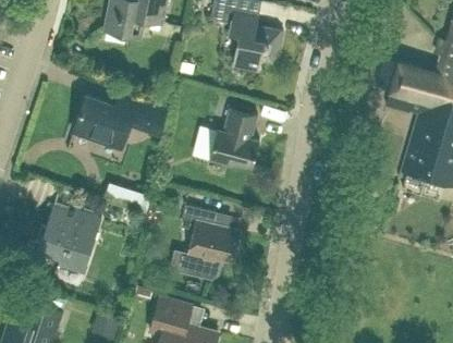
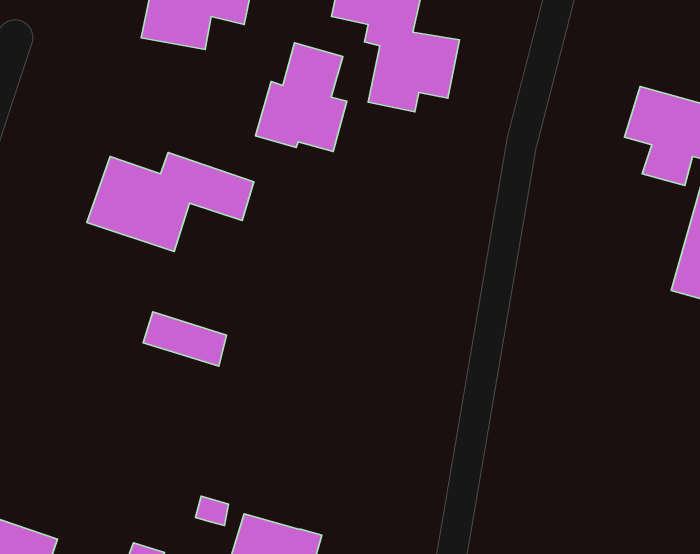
building: [208,107,259,168] -> [256,43,347,152]
building: [181,205,238,279] -> none
building: [38,210,103,273] -> none

